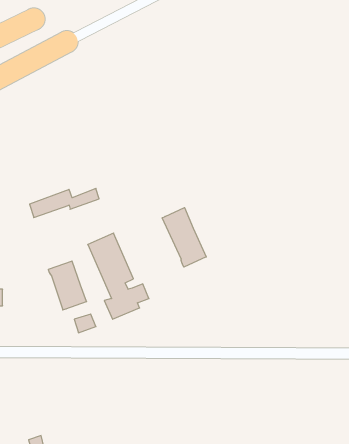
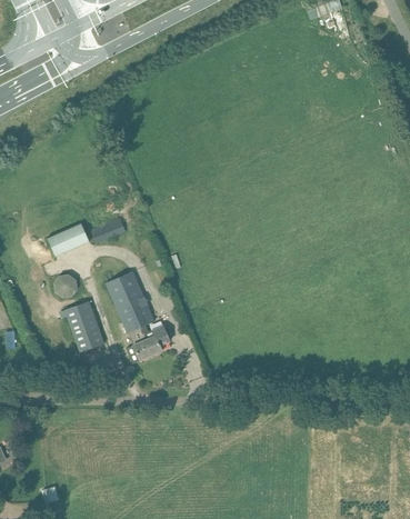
building: [162,208,206,267] -> none
building: none -> [52,273,77,298]

